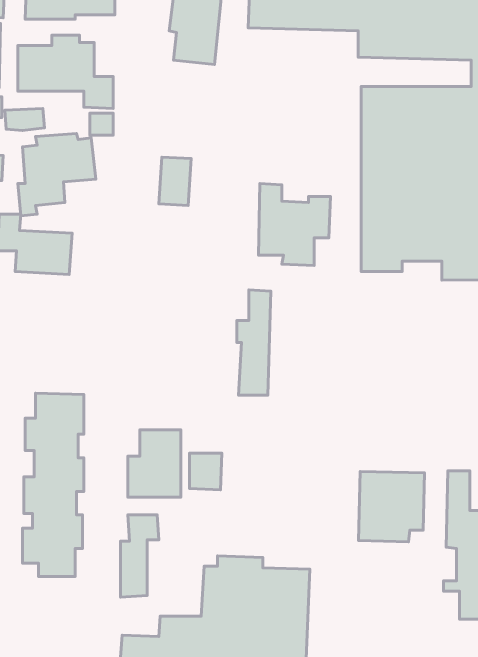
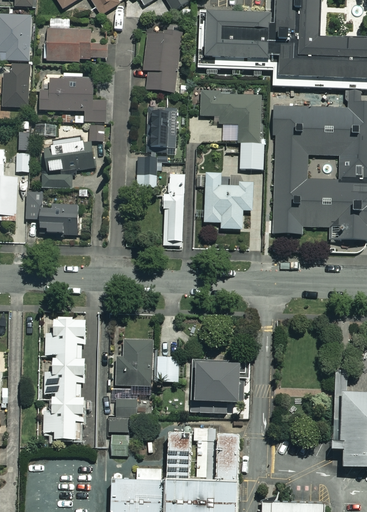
building: none -> [200,89,263,168]
building: none -> [148,106,177,147]
building: [237,290,271,395] -> [161,173,184,245]
building: [359,471,425,542] -> [192,364,237,412]

